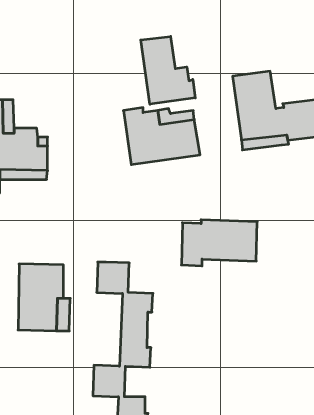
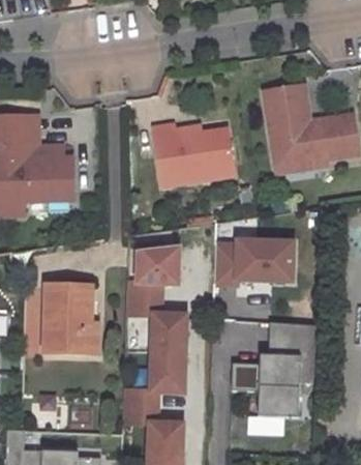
building: [141,36,195,104] -> none
building: none -> [136,249,178,286]
building: none -> [232,323,315,417]

